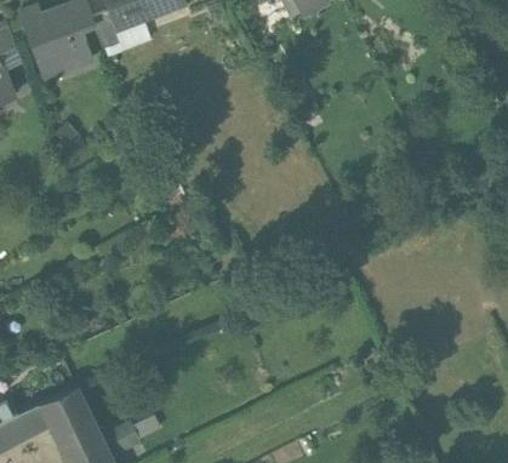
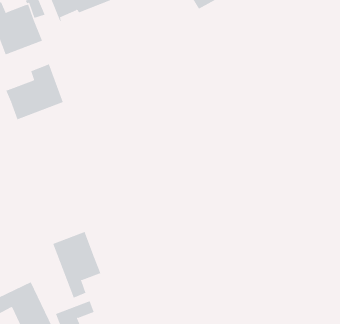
building: none -> [6,64,63,120]
building: none -> [53,231,101,299]

